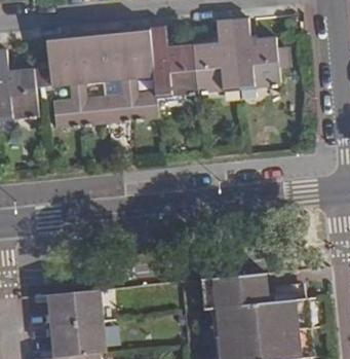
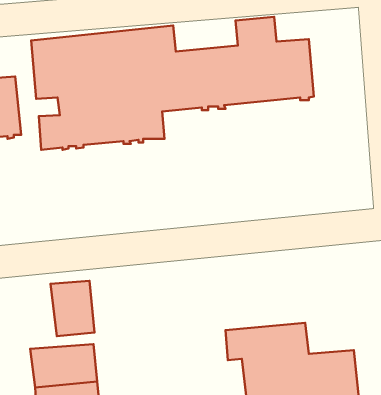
building: none -> [50,281,95,336]

